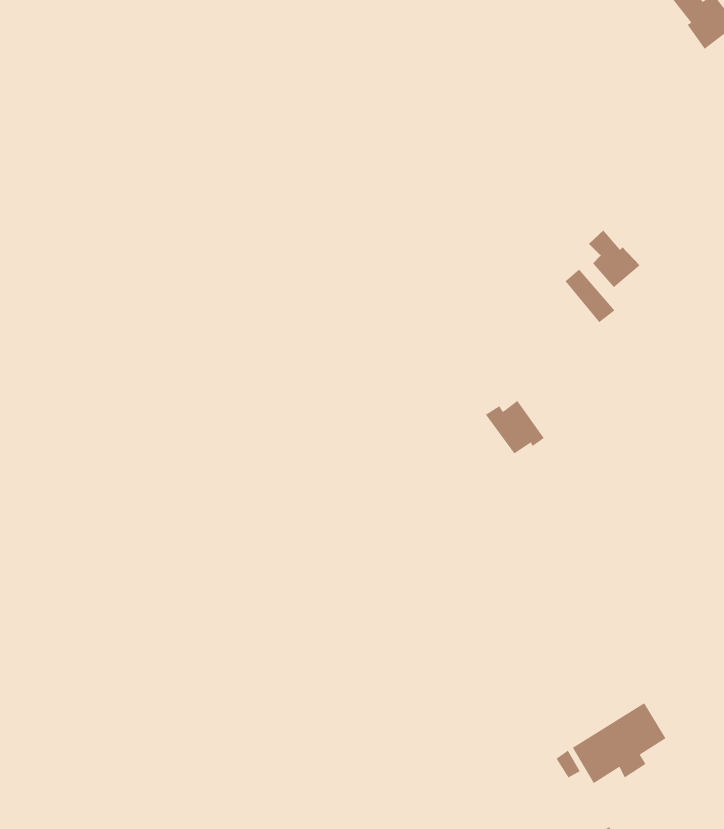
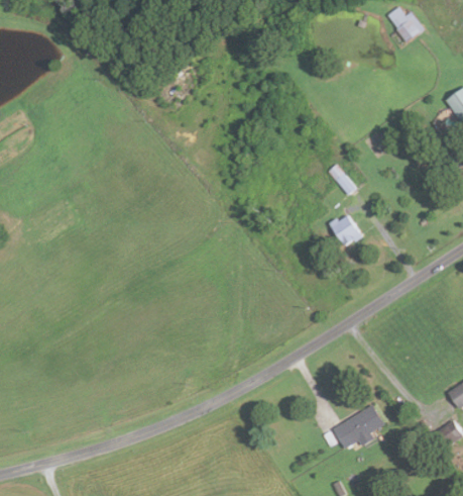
building: [588,230,640,288] -> none
building: [485,400,545,455] -> [328,215,361,245]

